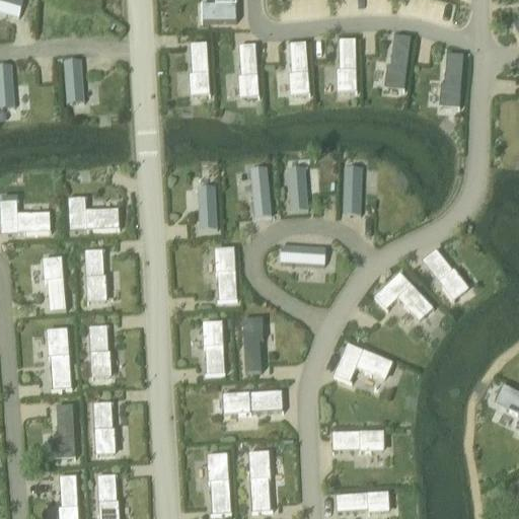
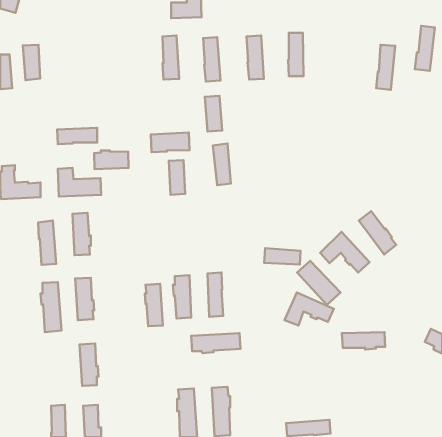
building: [386,34,410,87] -> [415,26,435,71]
building: [63,59,83,100] -> [23,45,40,80]
building: none -> [57,128,97,144]
building: none -> [151,132,190,152]
building: [287,168,307,210] -> [205,96,222,131]
building: [343,168,361,214] -> none
building: none -> [94,151,129,169]
building: [280,244,322,264] -> [264,248,301,265]
building: [215,249,236,299] -> [145,284,163,326]
building: none -> [297,261,340,305]
building: [57,404,75,456] -> none
building: [331,431,382,451] -> [342,332,385,350]

